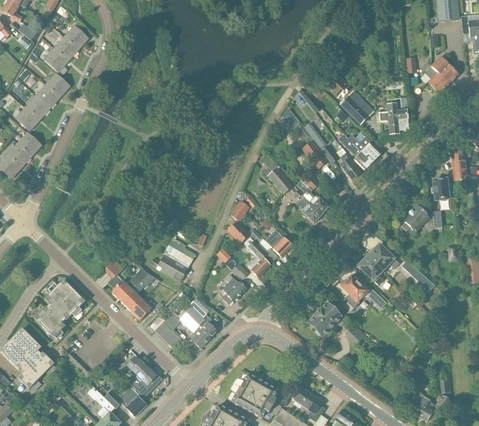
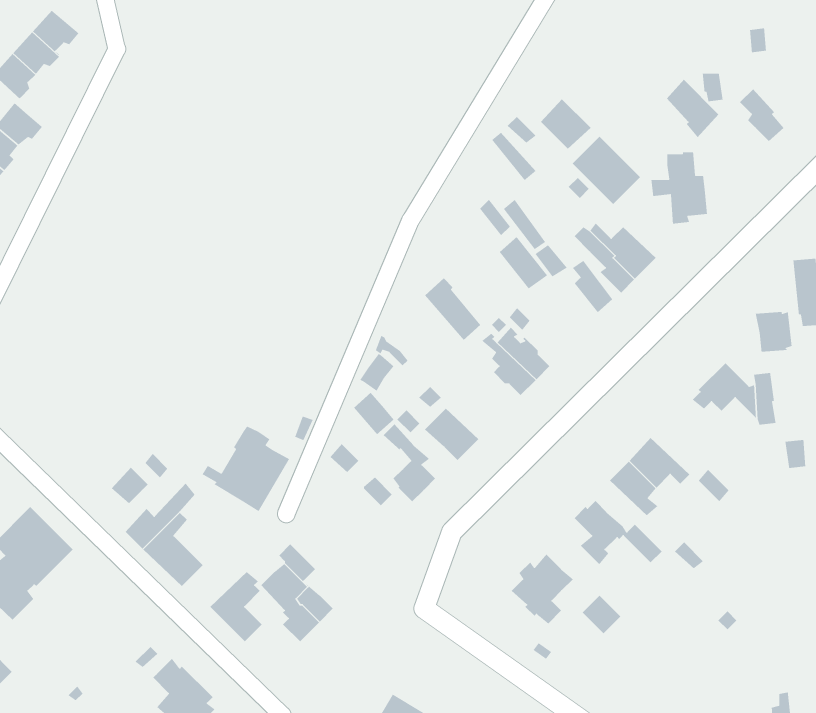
building: [431,56,458,86] -> [666,79,719,138]
building: [221,274,246,304] -> none

